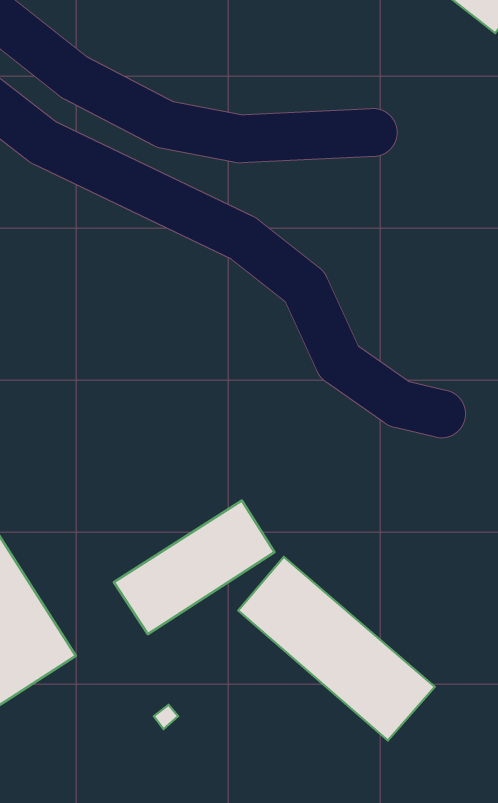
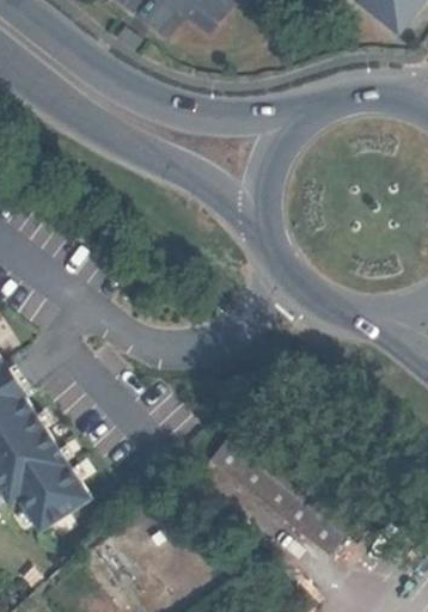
building: [114,501,274,634] -> none

